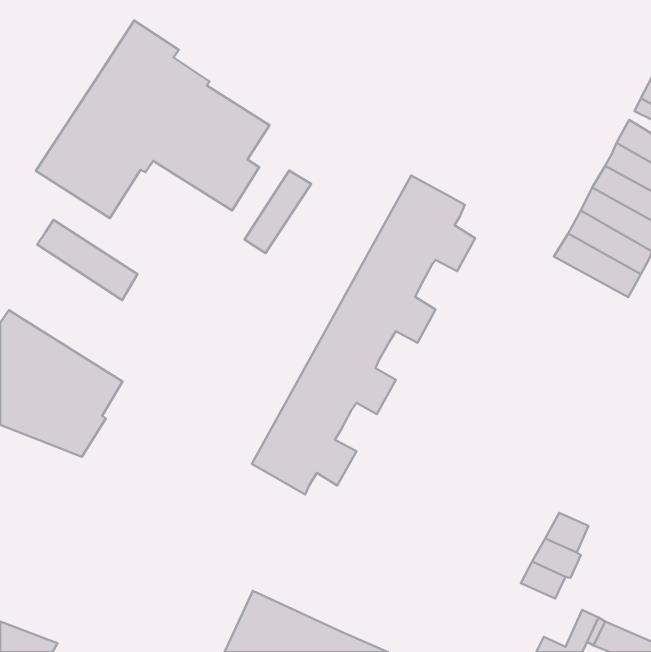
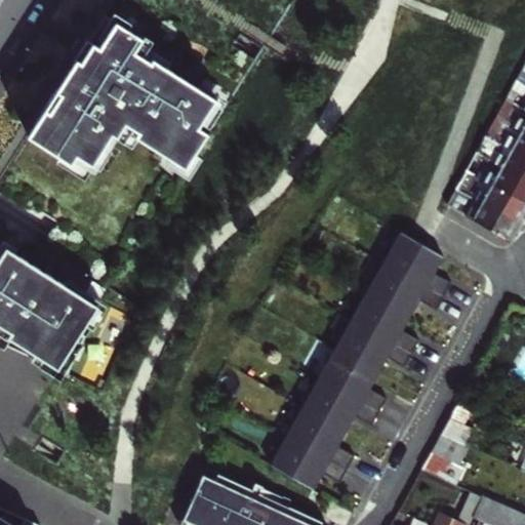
building: [245,171,311,253] -> none
building: [252,176,475,495] -> [270,233,449,489]
building: [37,220,138,300] -> none

